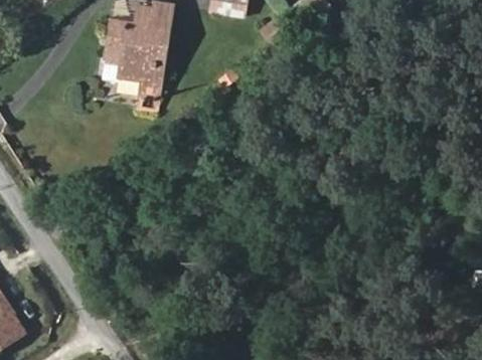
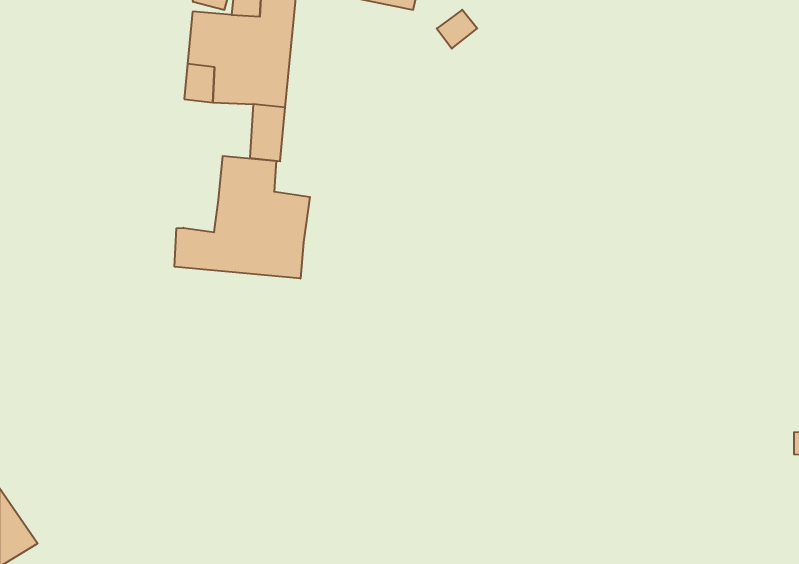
building: none -> [175,156,310,279]

